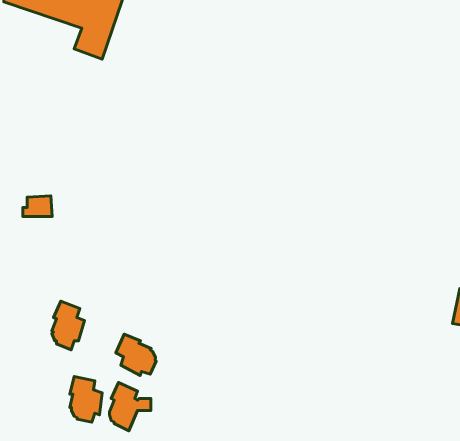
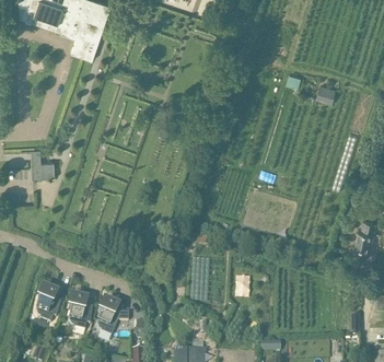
building: [52,301,84,350] -> [36,287,60,323]
building: [116,334,156,376] -> none

